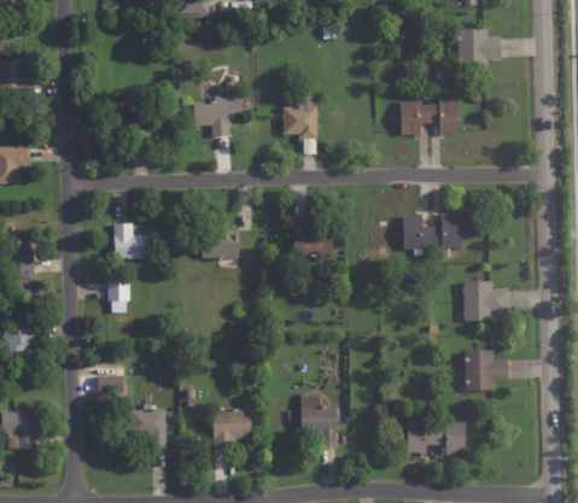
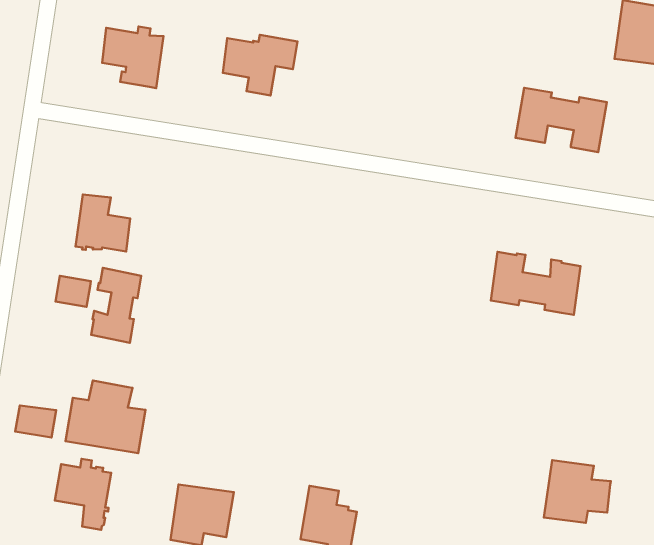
building: [282,95,317,153] -> none
building: [293,223,333,257] -> none
building: [203,229,240,259] -> none
building: none -> [91,268,141,343]
building: [462,280,507,320] -> none
building: none -> [65,380,146,453]

